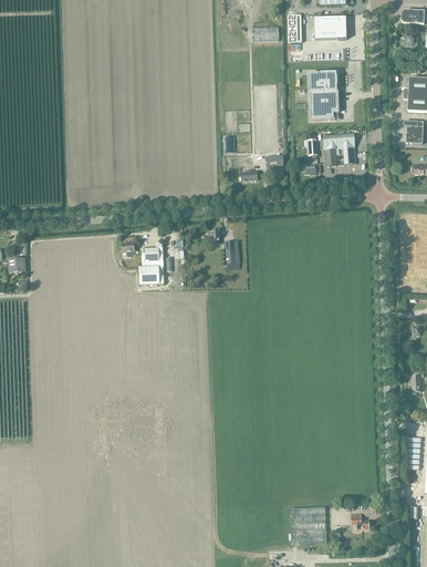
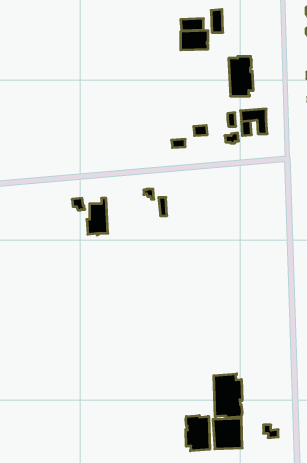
building: [315,14,348,38] -> [181,31,208,50]
building: none -> [214,374,242,418]
building: none -> [186,415,210,451]

